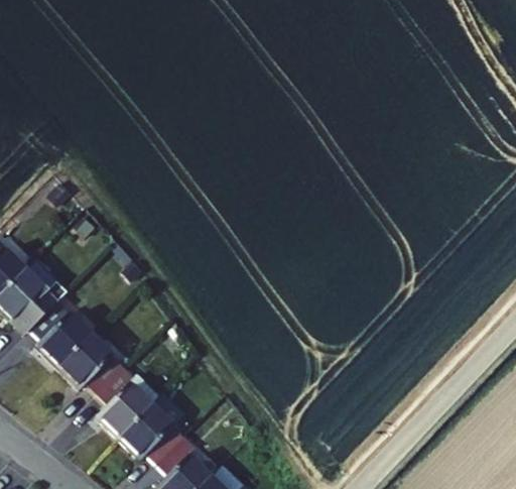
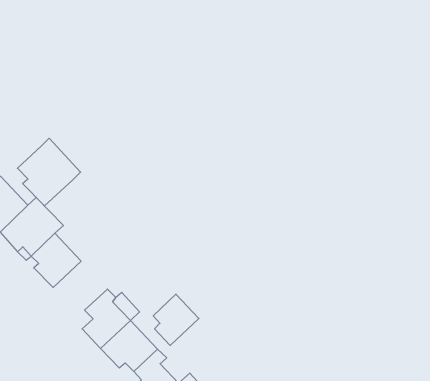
building: none -> [17,138,81,206]
building: [64,338,129,396] -> none
building: none -> [153,294,199,345]

